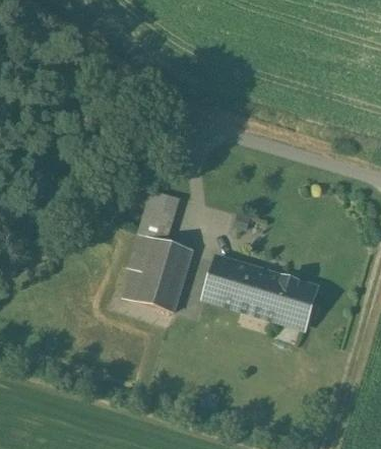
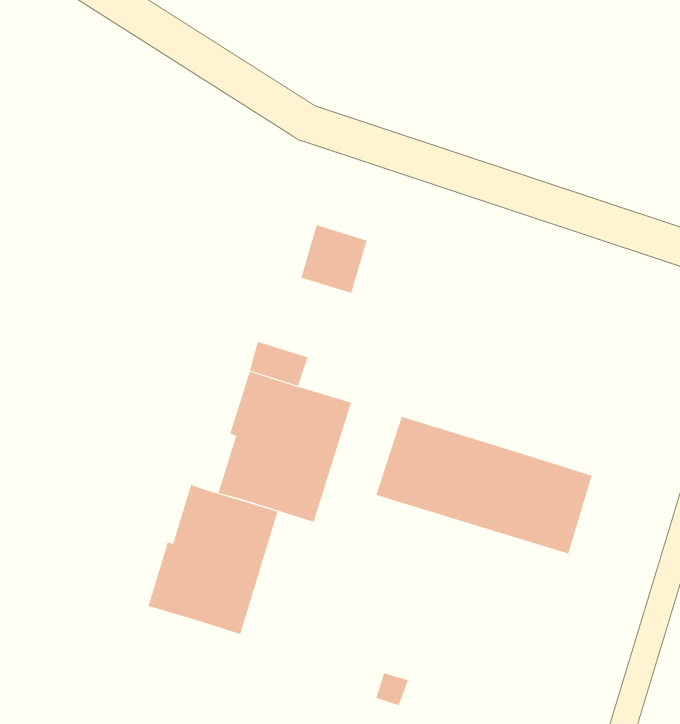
building: [142,190,177,226] -> [300,225,368,294]
building: none -> [148,484,278,635]

